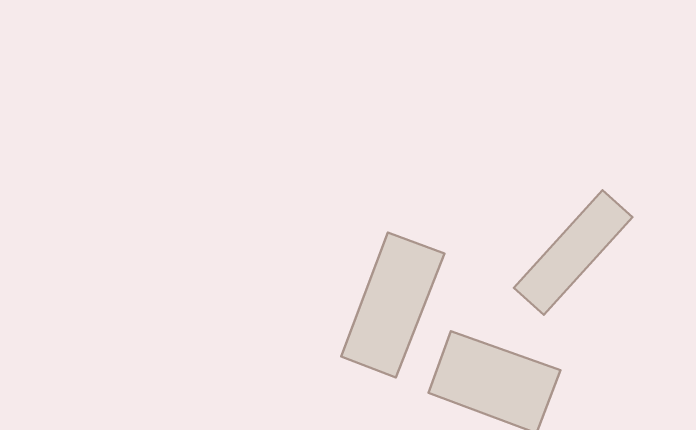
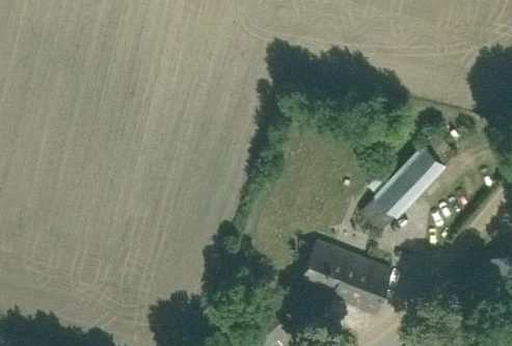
building: [341,233,444,378] -> none

